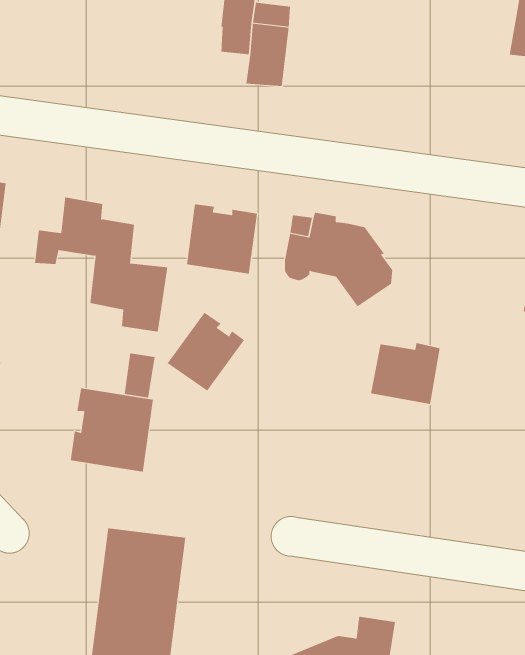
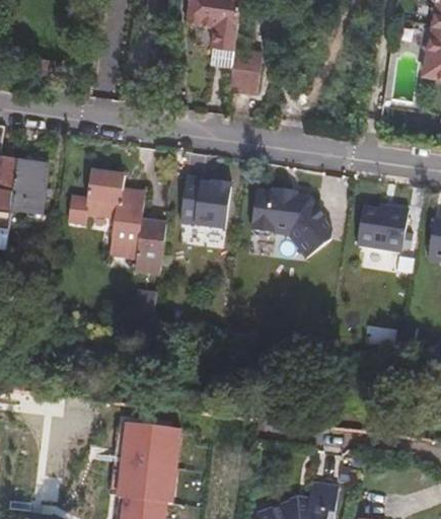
building: [167,312,245,392] -> none
building: [370,343,441,405] -> [358,208,410,253]
building: [70,388,153,472] -> none

